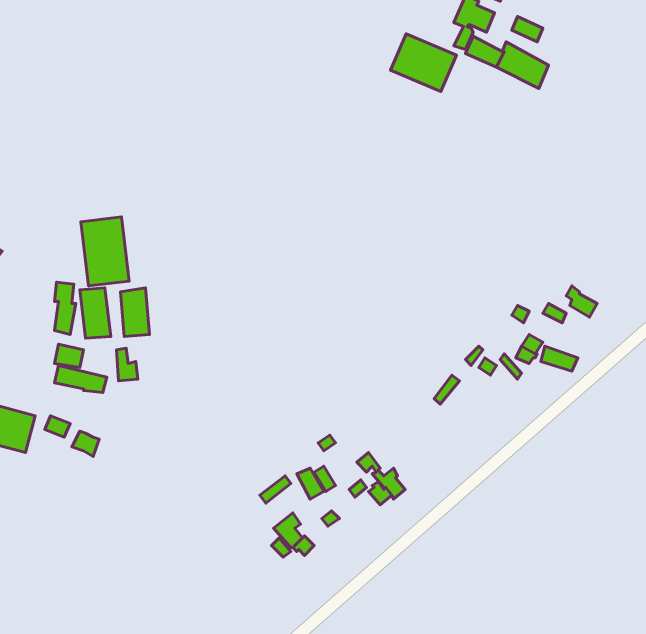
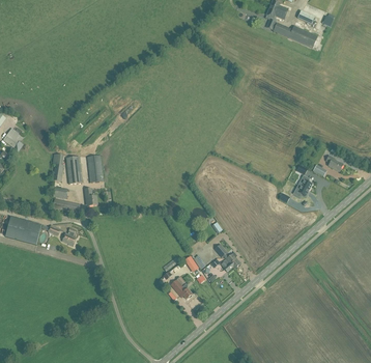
building: [390,34,456,92] -> none
building: [81,217,129,286] -> none

